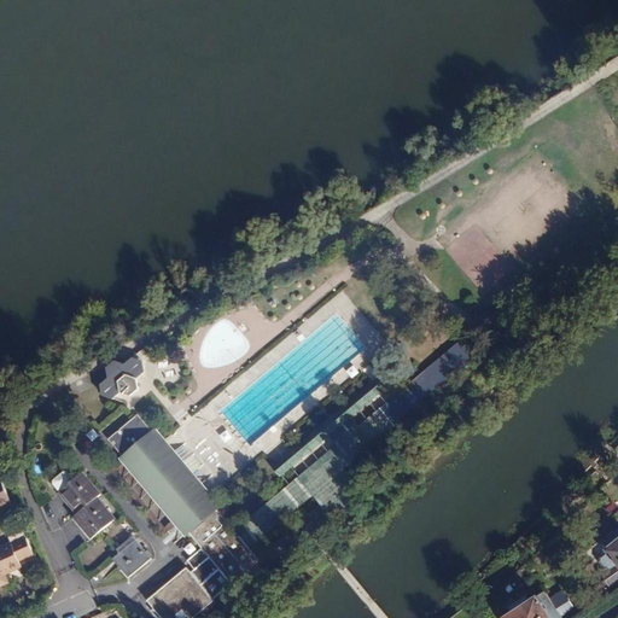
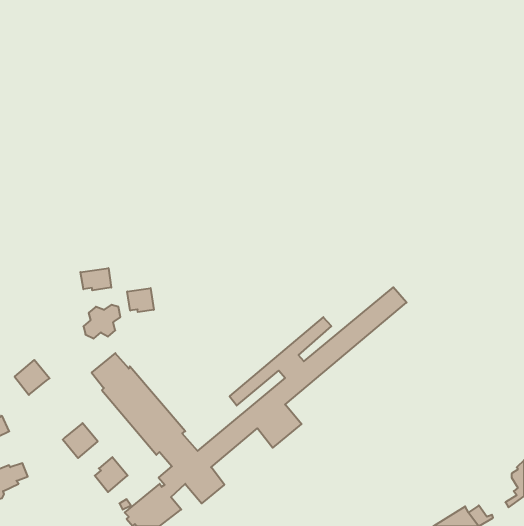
building: none -> [80,268,111,290]
building: none -> [127,288,154,312]
building: [59,472,100,513] -> [15,360,50,395]

